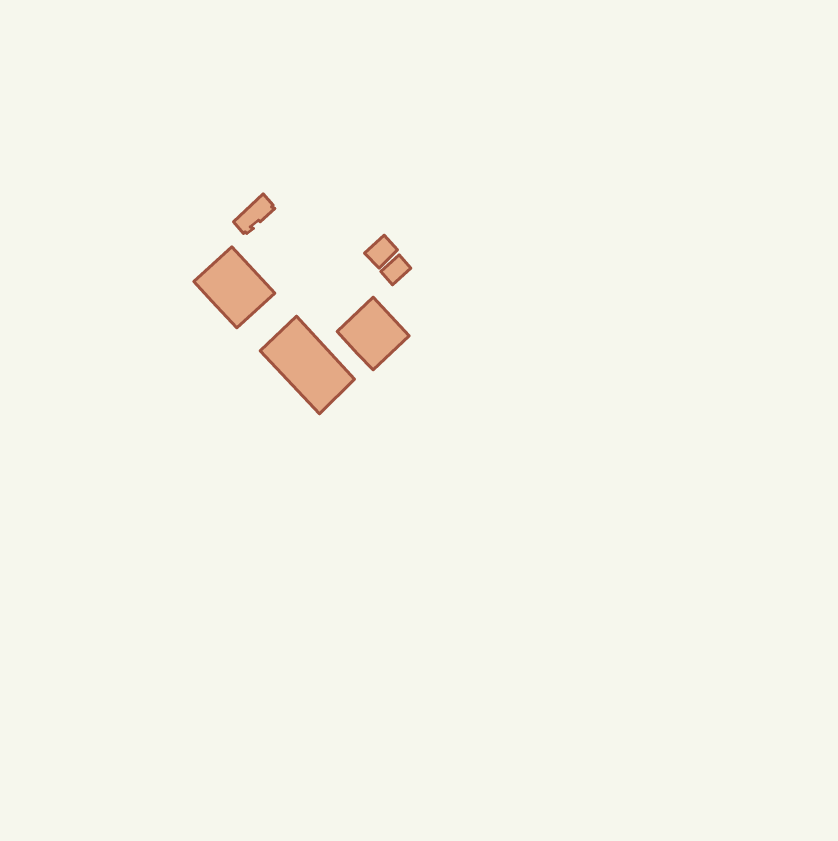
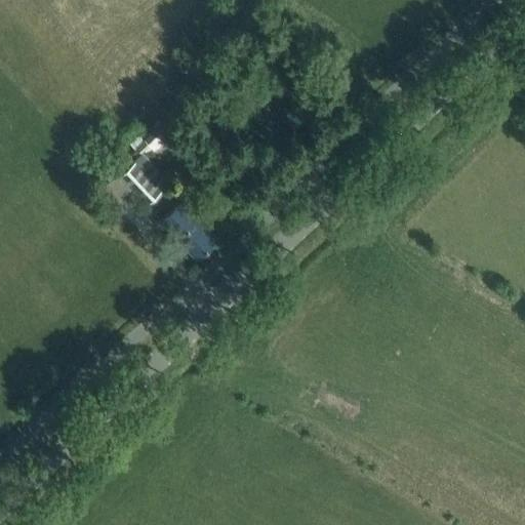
building: [337,297,409,370] -> none

